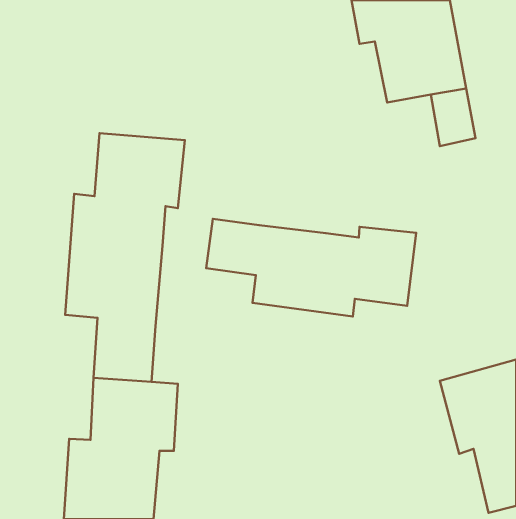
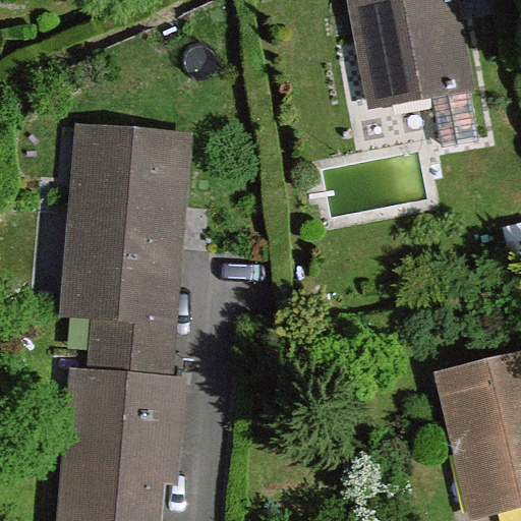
building: [206,219,416,316] -> none

